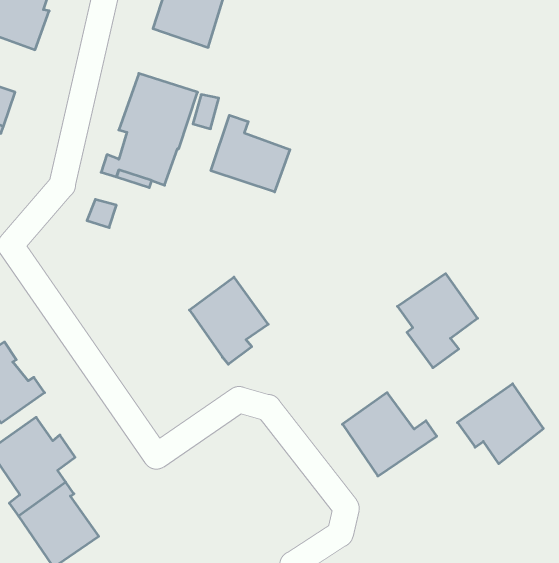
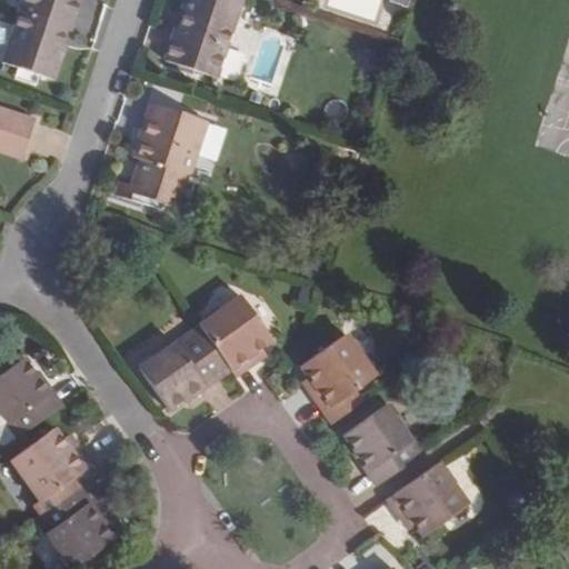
building: [211,115,290,192] -> none
building: [397,274,478,368] -> [301,333,377,422]
building: none -> [139,330,230,409]
building: [457,384,543,464] -> [386,461,467,537]

